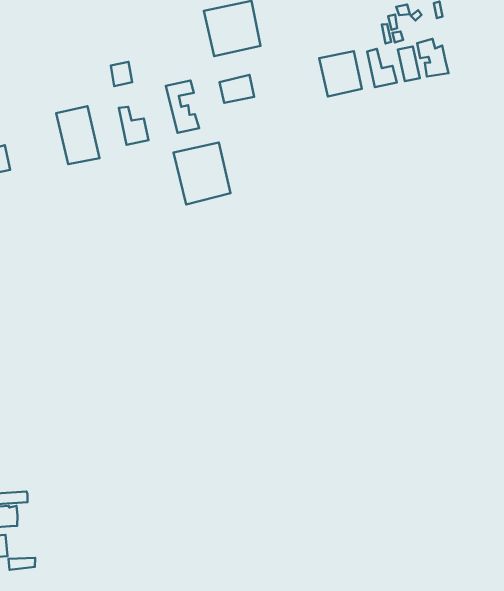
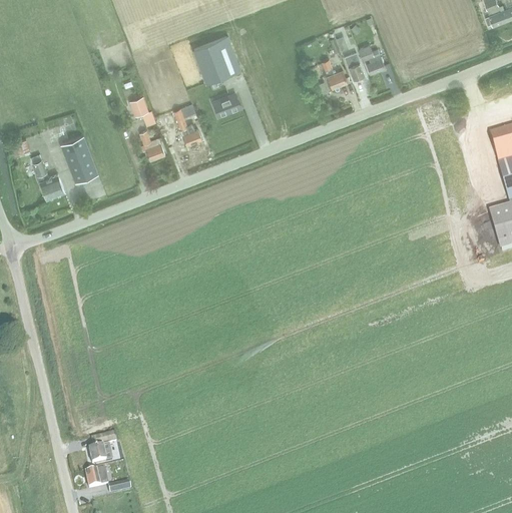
building: [319,51,362,97] -> none
building: [56,106,100,164] -> [60,135,98,181]
building: [174,143,231,204] -> none

